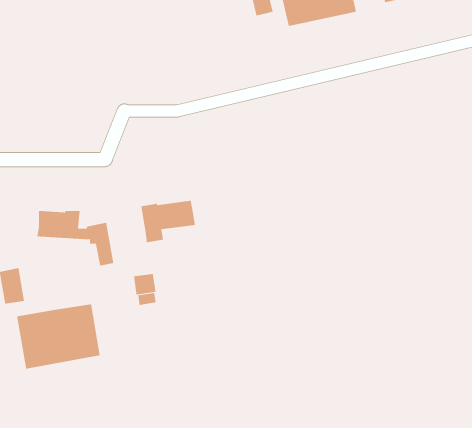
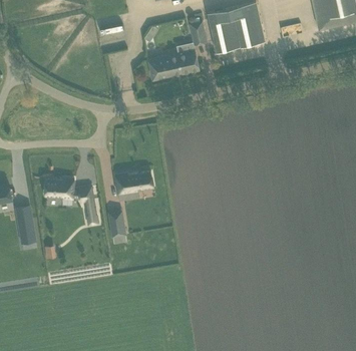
building: none -> [147,50,199,78]
building: [16,303,100,369] -> none

